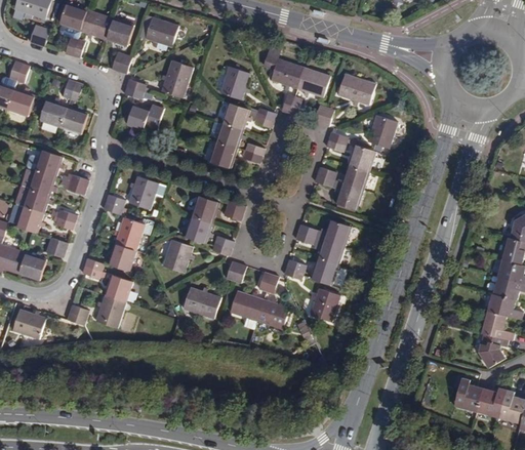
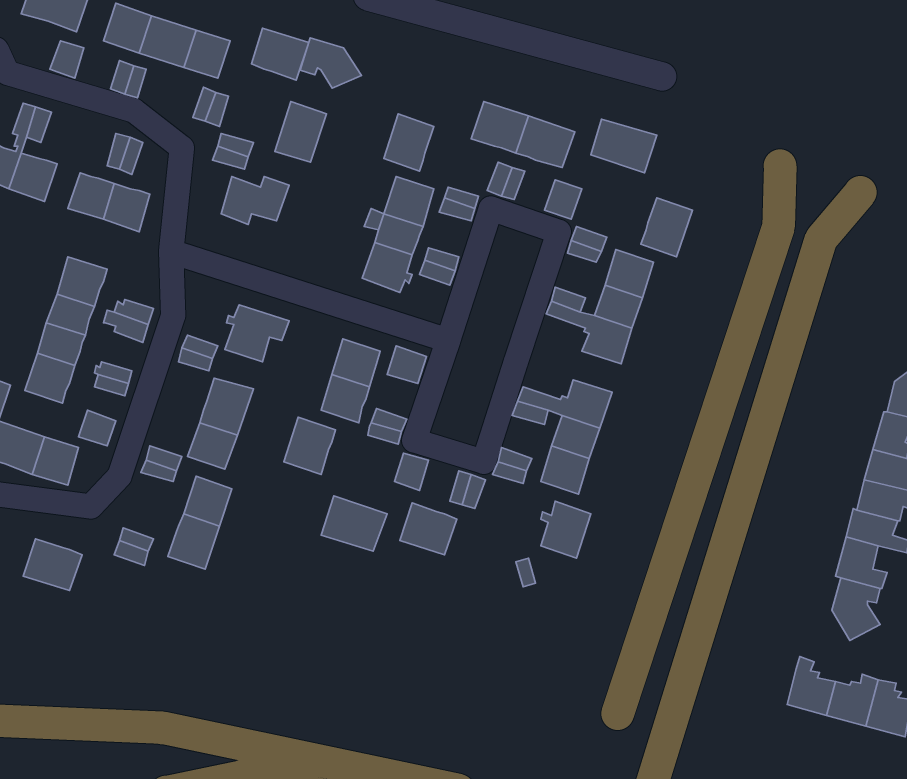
building: none -> [300,38,362,88]
building: [255,299,289,328] -> none

